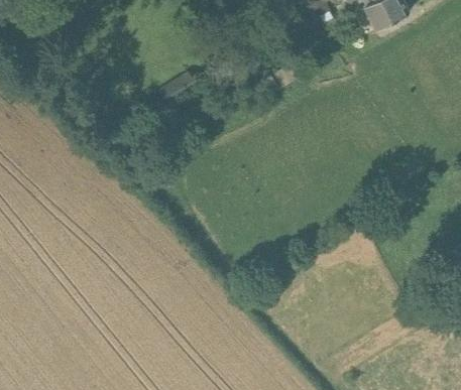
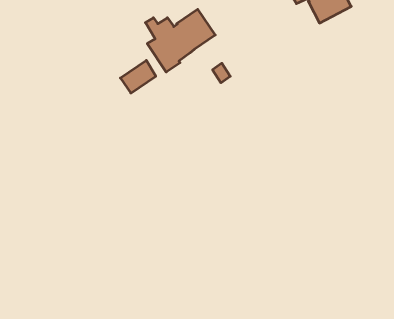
building: none -> [145,9,215,72]

